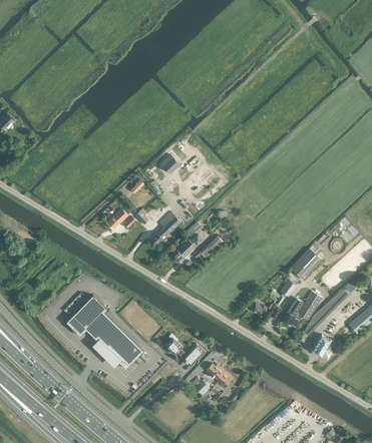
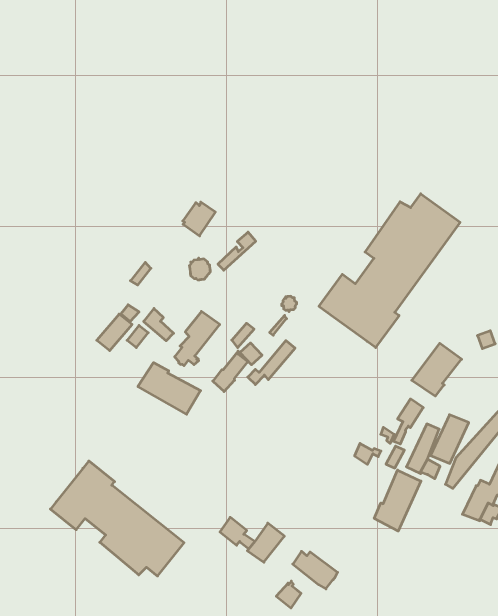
building: none -> [319,194,460,348]
building: none -> [138,363,201,414]
building: none -> [374,470,421,531]

